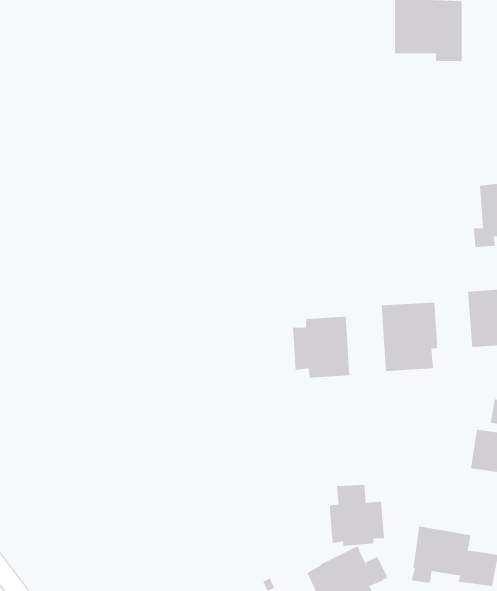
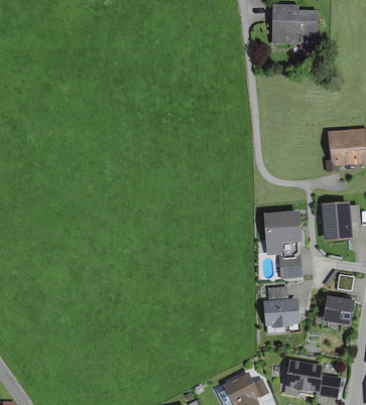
building: [292,316,350,379] -> none
building: none -> [278,253,301,278]
building: [329,484,385,546] -> [262,286,299,327]

